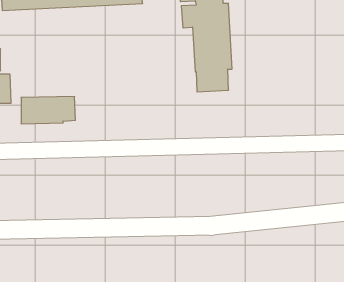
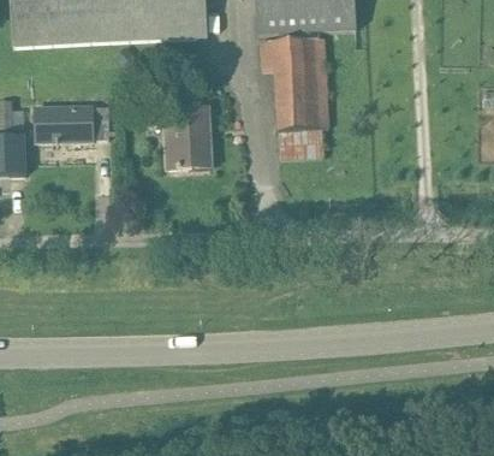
building: none -> [163,107,212,168]
building: [21,97,75,124] -> [35,106,109,143]

